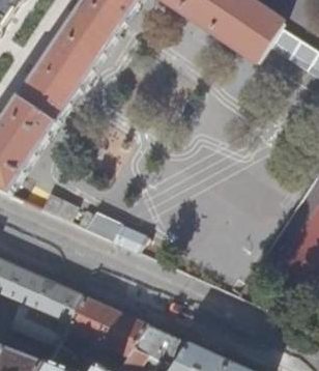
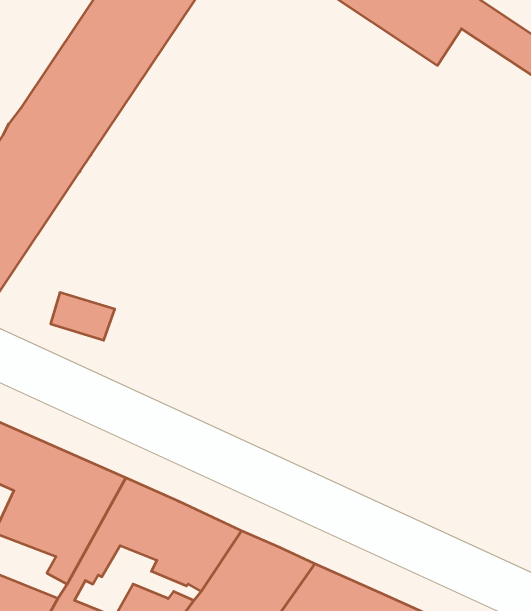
building: [80,209,147,252] -> none

